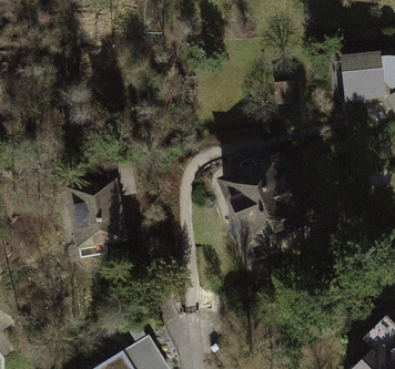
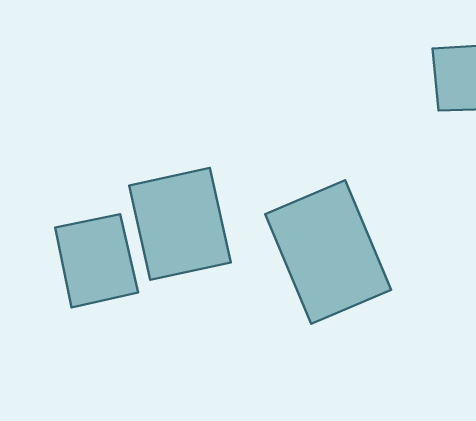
building: none -> [129,168,231,280]

